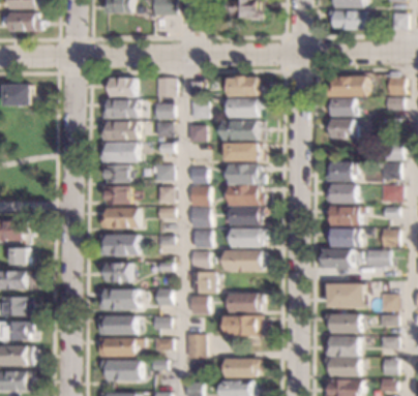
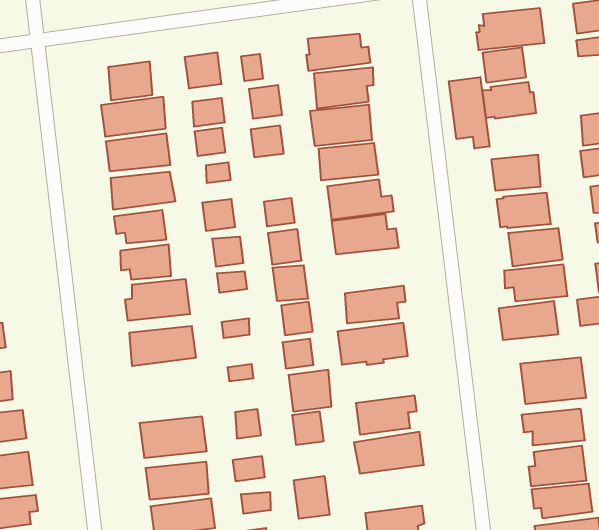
building: none -> [449,77,489,149]
building: [231,206,265,225] -> none
building: [101,263,130,281] -> none

